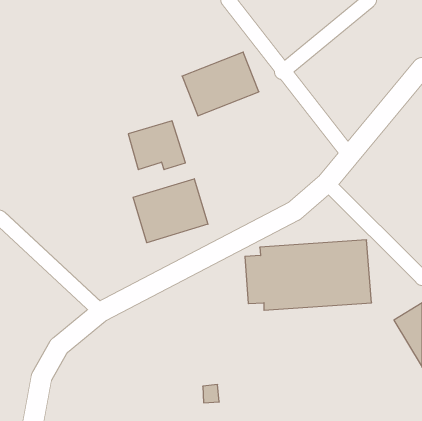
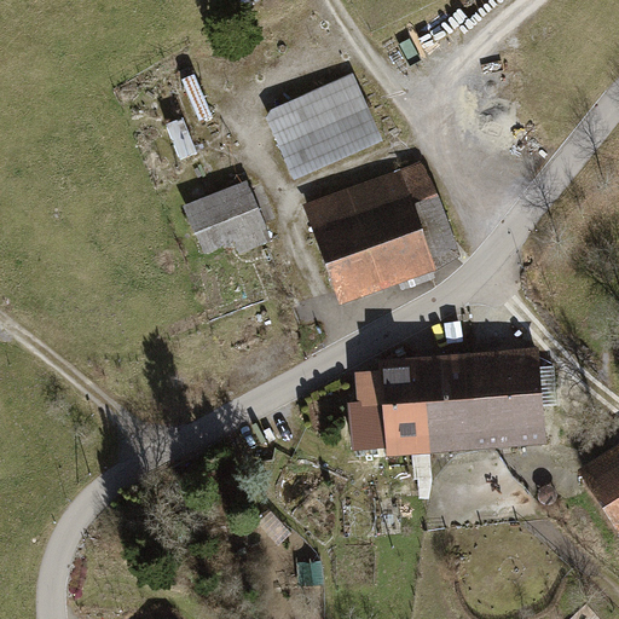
building: none -> [303,164,453,296]
building: [133,179,208,243] -> none

